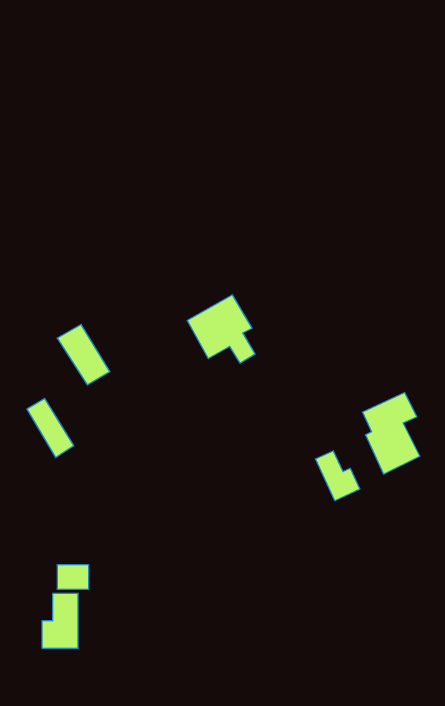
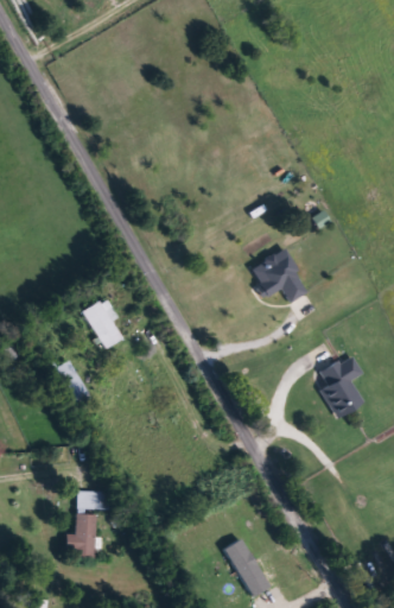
building: [187,295,255,363] -> [248,248,301,302]
building: [316,451,360,501] -> none
building: none -> [224,538,271,596]

